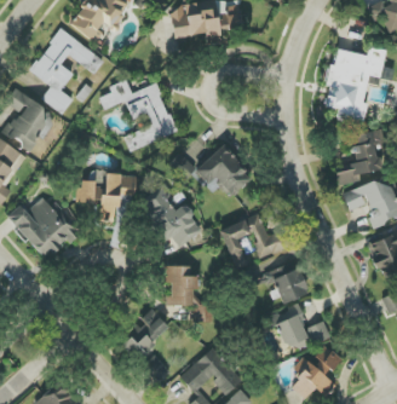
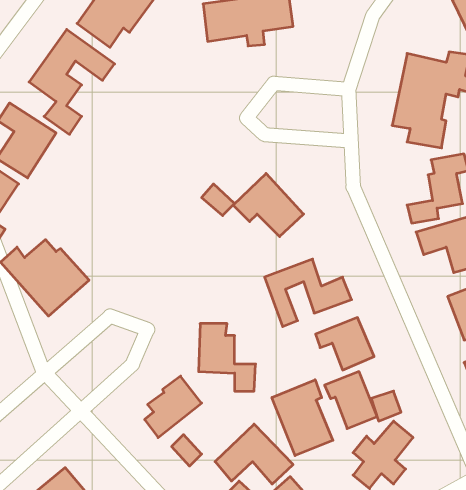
building: [99,80,176,151] -> none
building: [77,173,136,217] -> none
building: [140,185,202,247] -> none
building: none -> [272,380,333,456]

